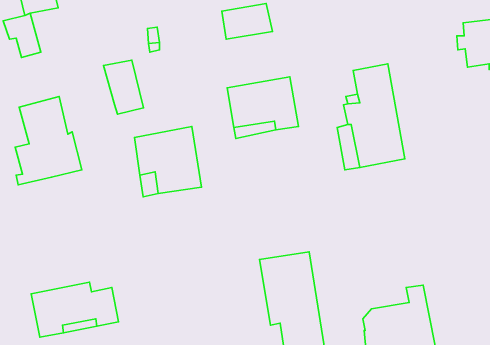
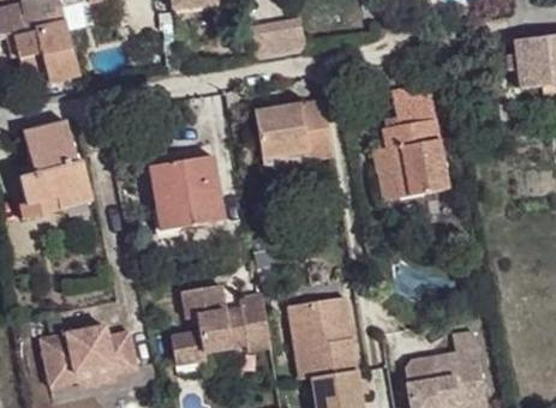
building: [104,60,144,114] -> [34,22,78,82]
building: none -> [168,283,269,364]

